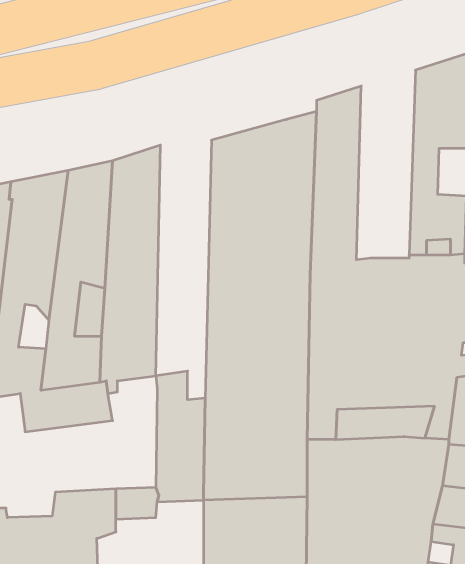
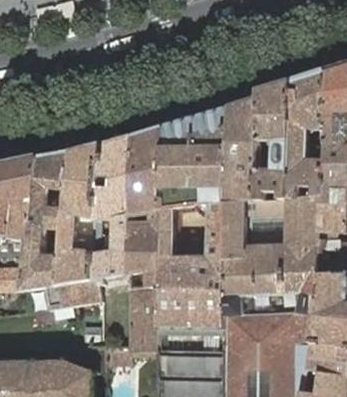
building: none -> [254,81,291,201]
building: none -> [127,120,162,289]

